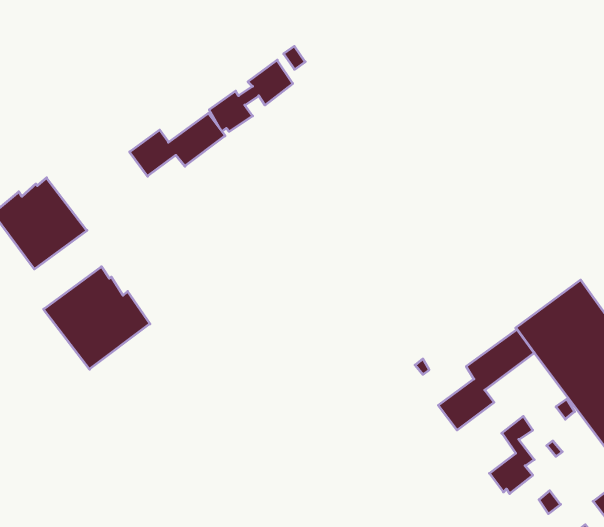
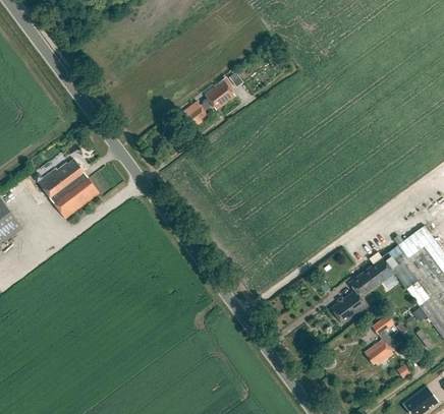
building: [130,113,225,176] -> none
building: [44,267,150,369] -> none

